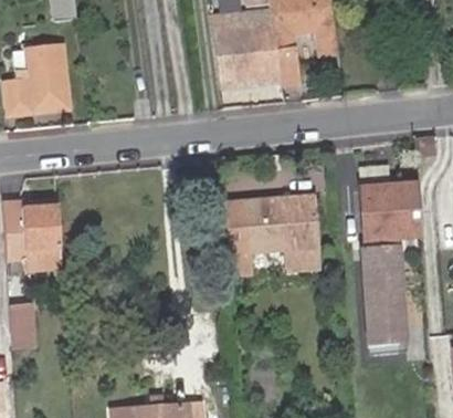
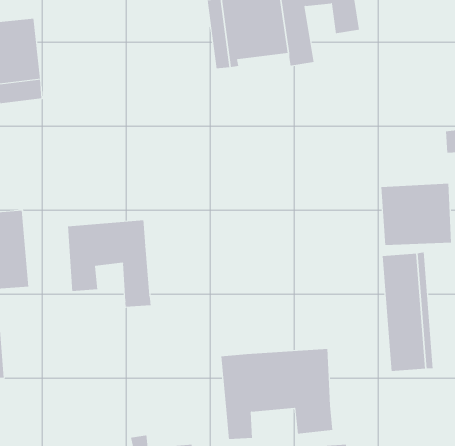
building: [221,194,317,271] -> [221,349,333,439]
building: none -> [67,219,151,308]

